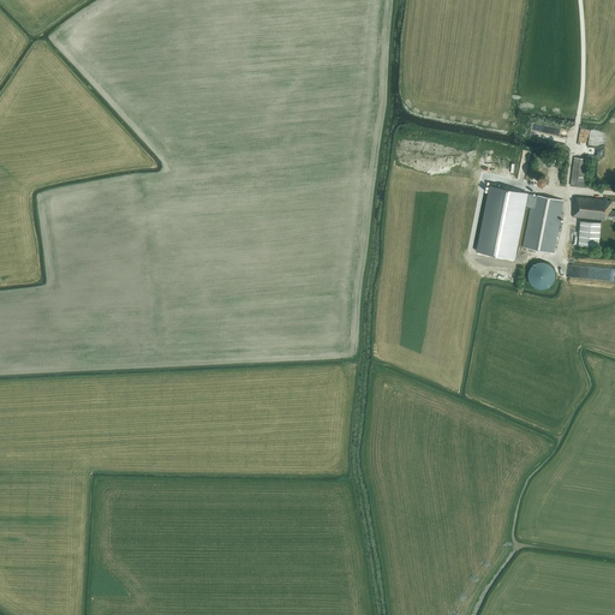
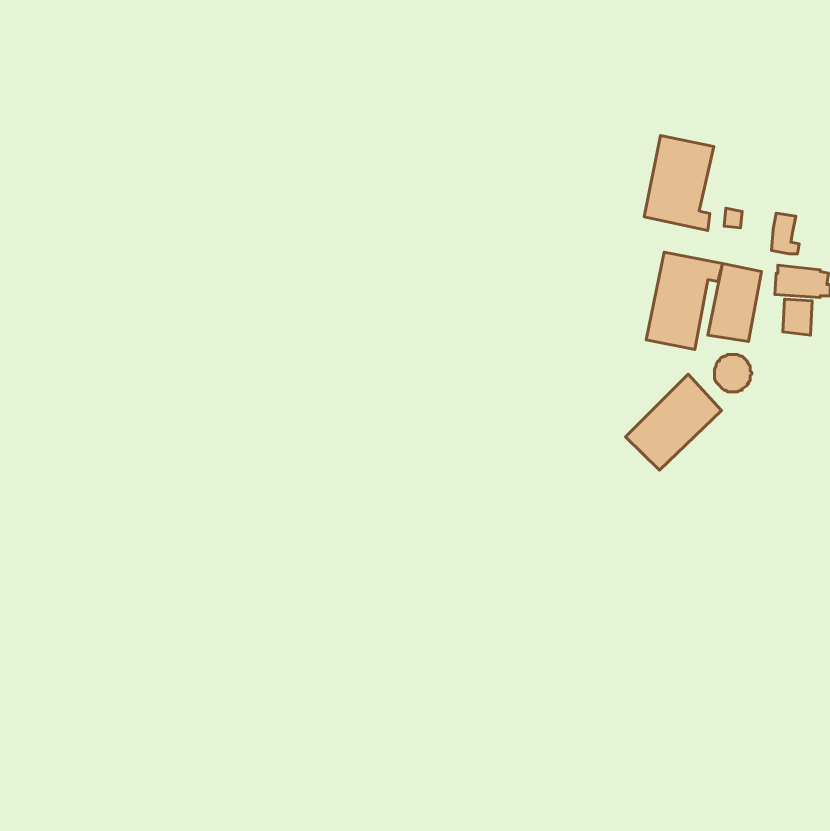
building: none -> [644,136,714,230]
building: none -> [626,374,721,470]

